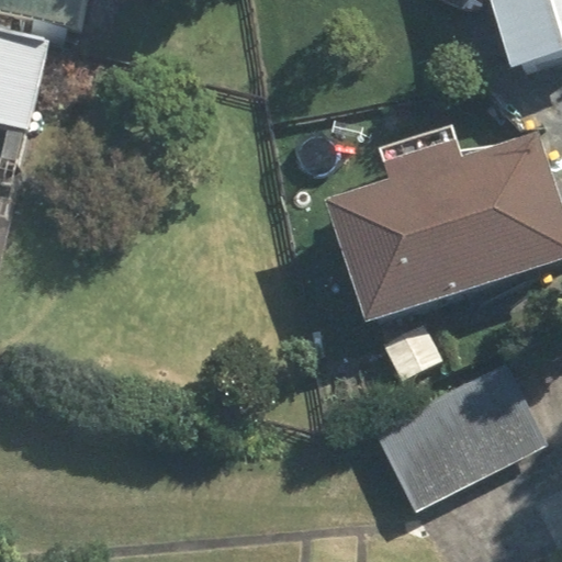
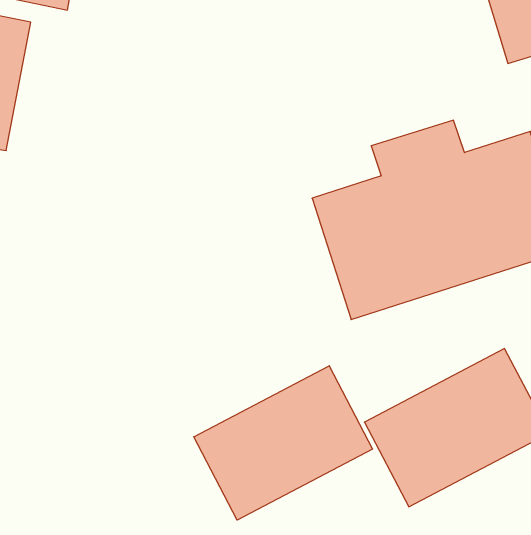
building: none -> [194,366,373,520]

